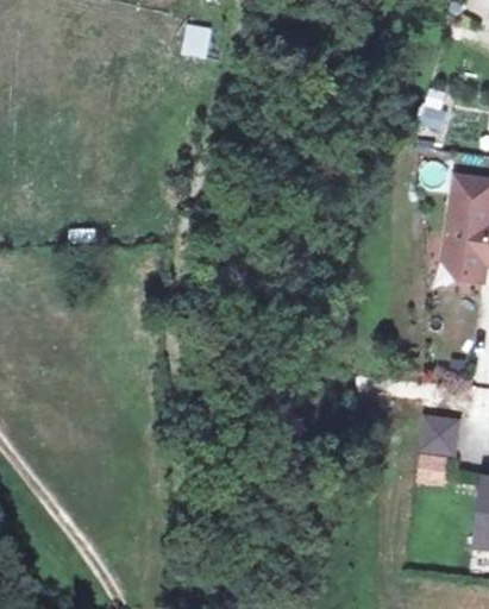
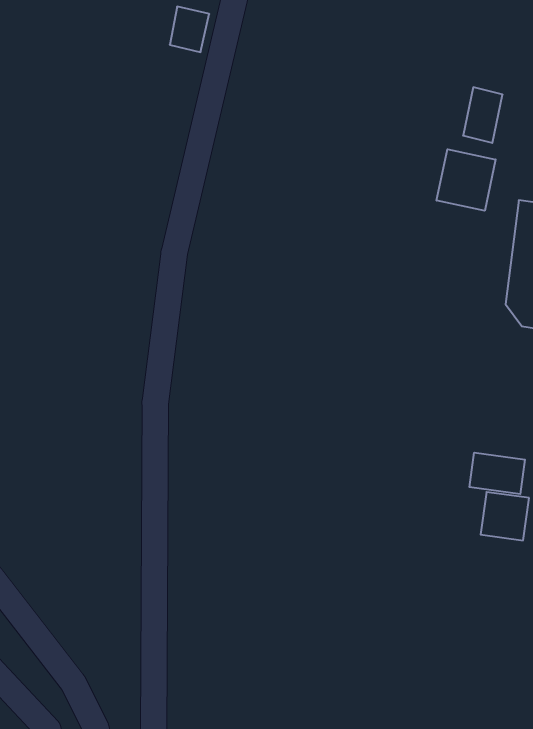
building: none -> [437,149,496,211]
building: none -> [469,453,525,494]

